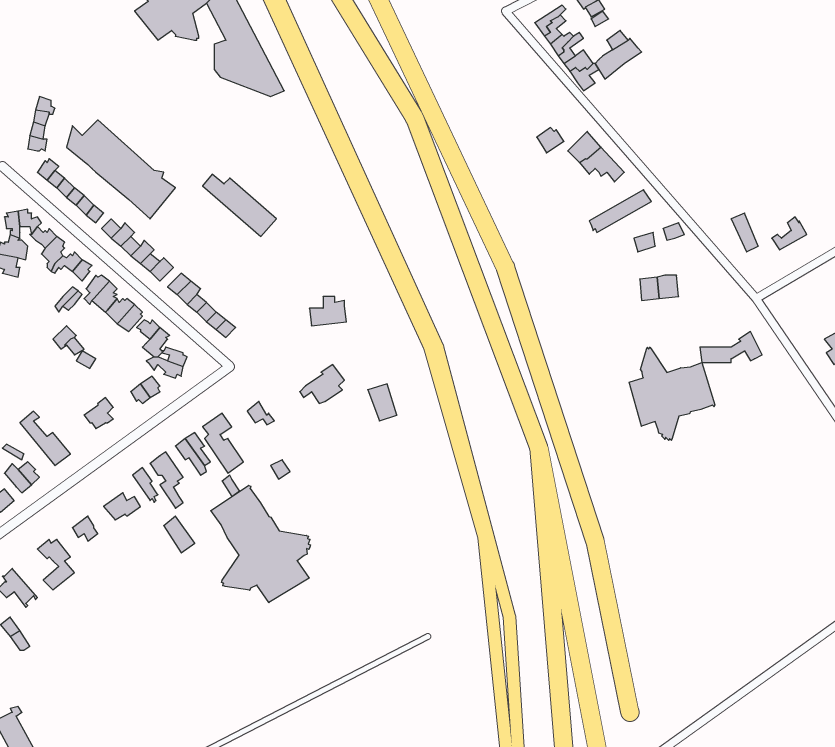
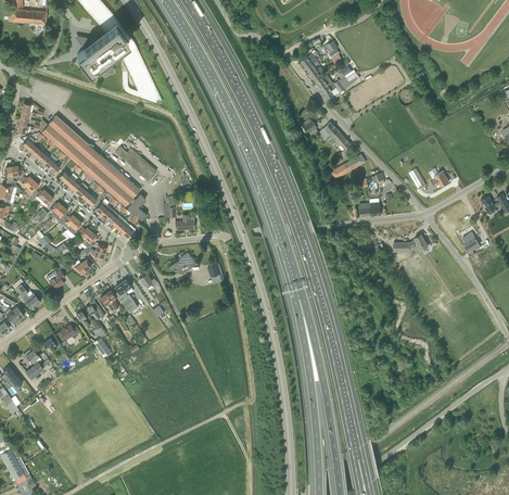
building: none -> [86,153,147,220]
building: [629,347,715,440] -> none
building: [211,485,311,603] -> none

